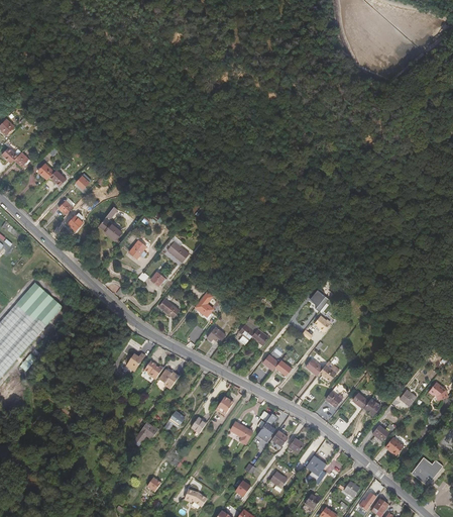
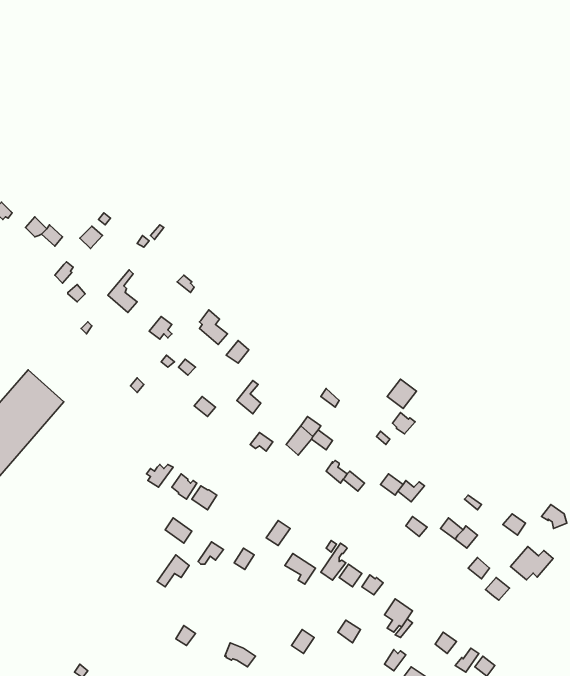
building: [410,459,442,485] -> [511,547,553,580]

